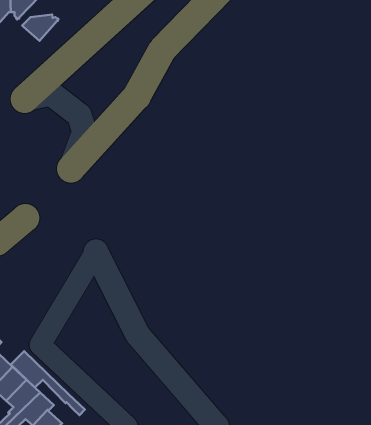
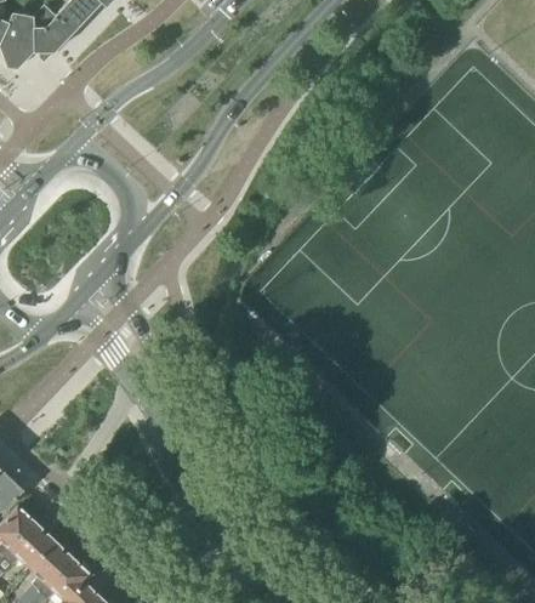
building: [22,15,59,41] -> none
building: [11,351,85,415] -> none

